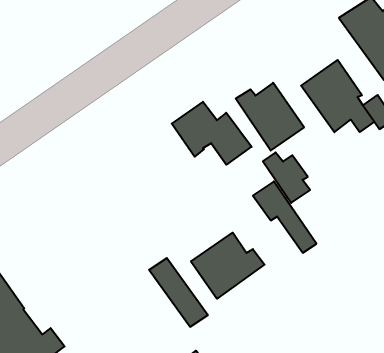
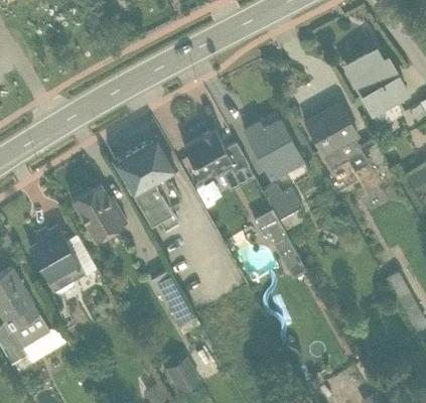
building: none -> [114,137,177,230]
building: none -> [70,182,126,240]
building: none -> [28,226,94,290]
building: [191,233,265,299] -> none

